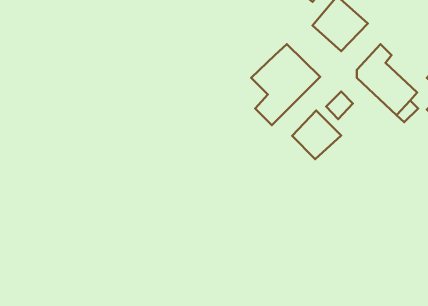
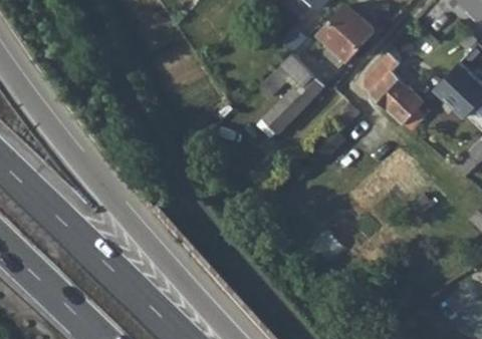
building: [292,110,341,159] -> none

